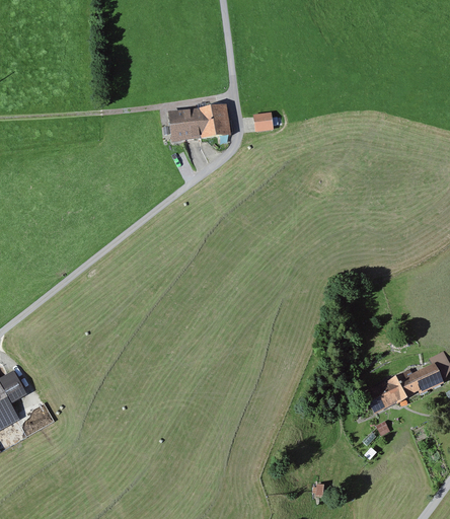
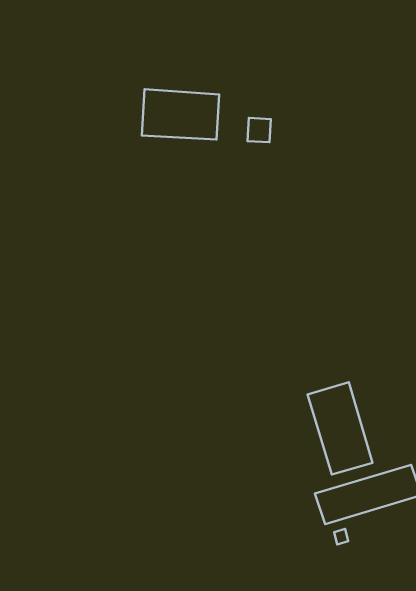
building: none -> [307,382,372,475]

